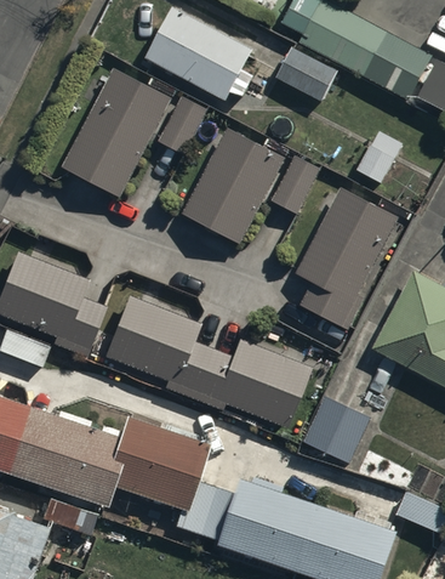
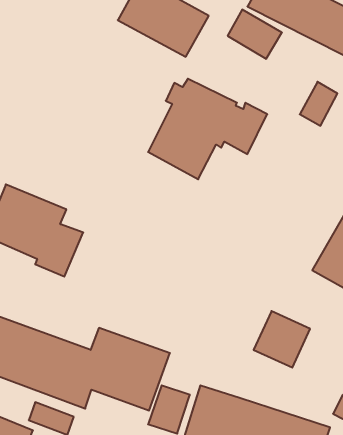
building: [64,67,209,195] -> none
building: [297,186,399,329] -> none
building: [105,295,312,427] -> none

